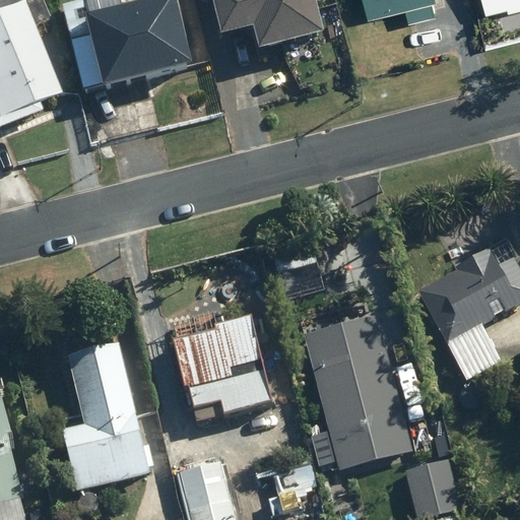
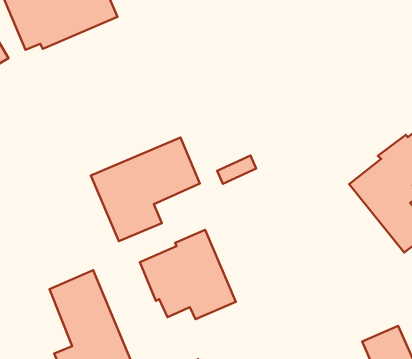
building: none -> [91,137,200,241]
building: [304,314,410,468] -> none

